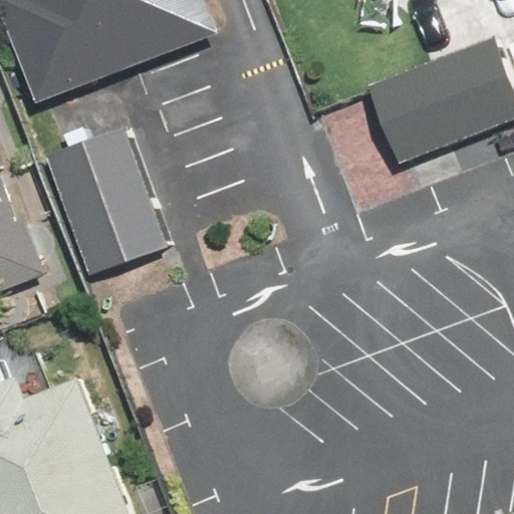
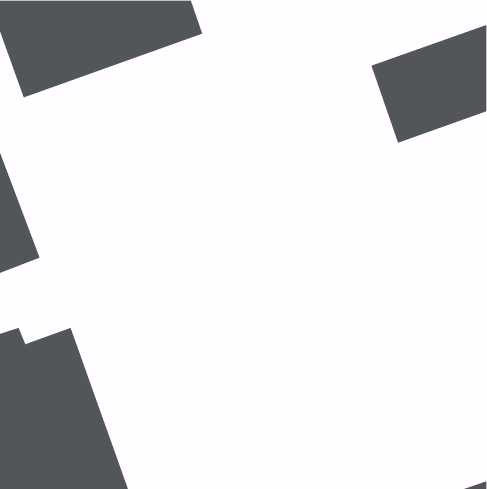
building: [37,132,166,278] -> none

